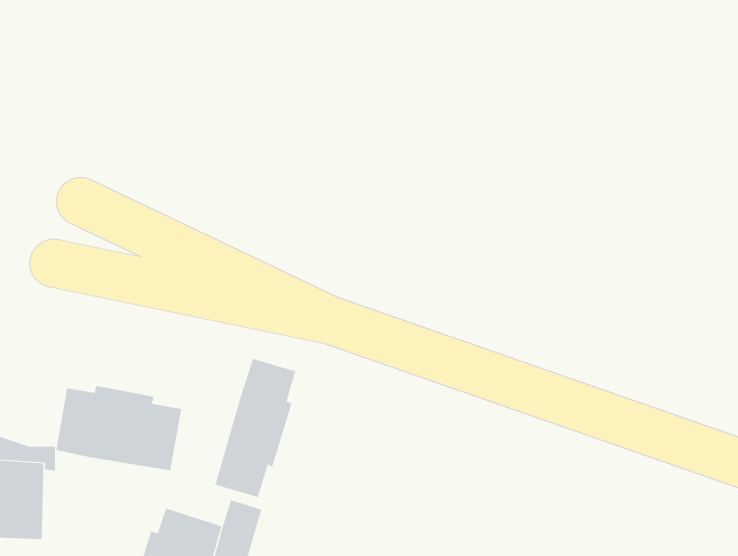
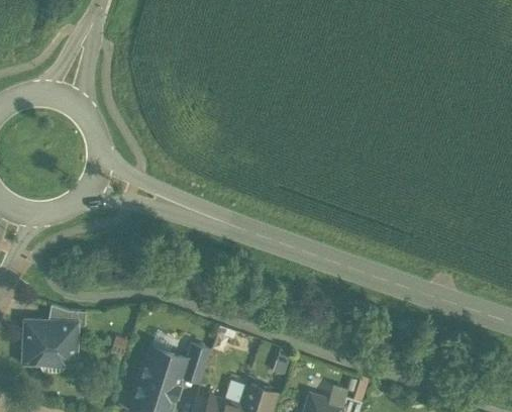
building: [215,358,296,498] -> none
building: [56,385,182,471] -> none

